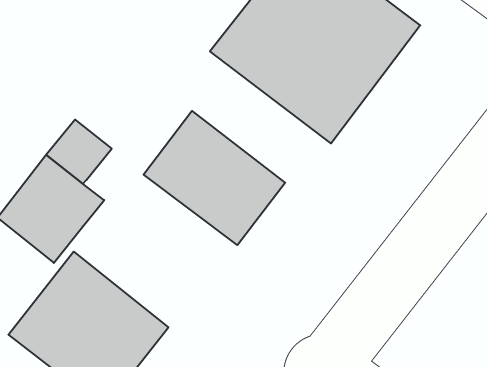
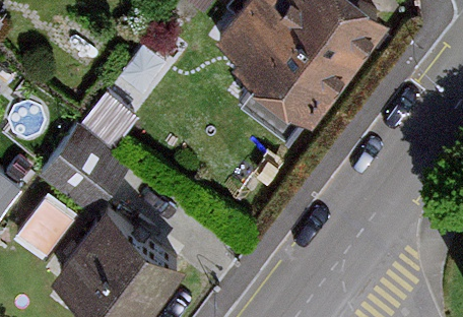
building: [144,111,285,245] -> none

